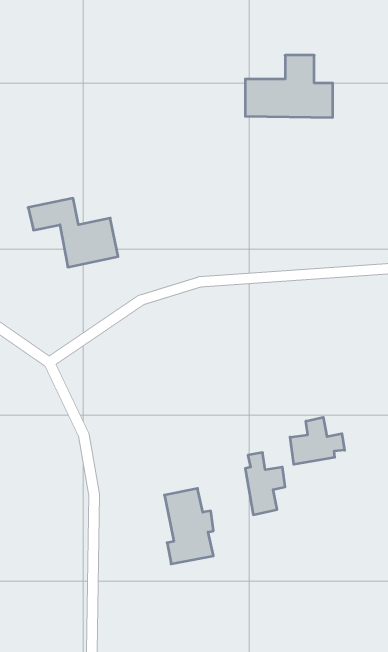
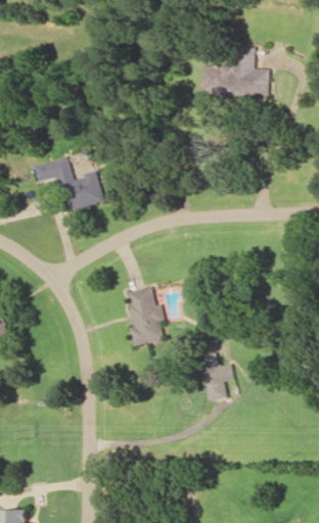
building: [290,417,345,464] -> none
building: [164,488,213,564] -> [126,287,164,345]

